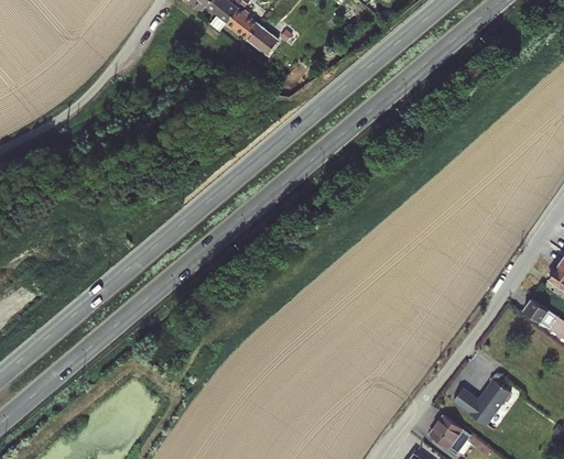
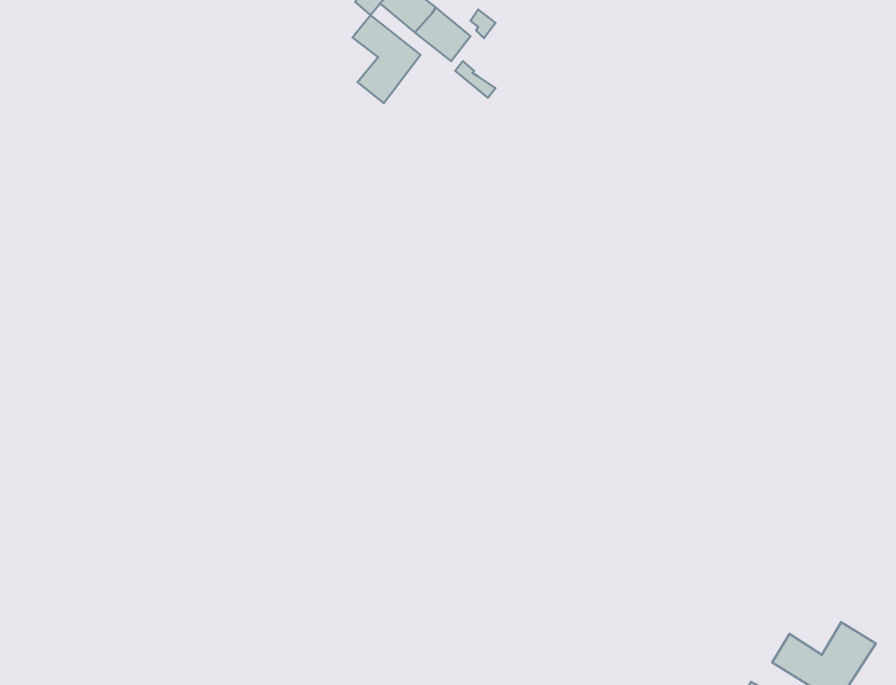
building: none -> [352,15,421,103]

